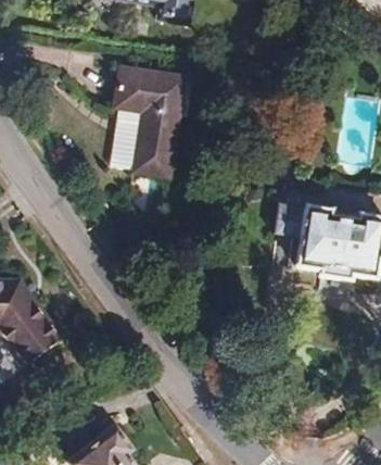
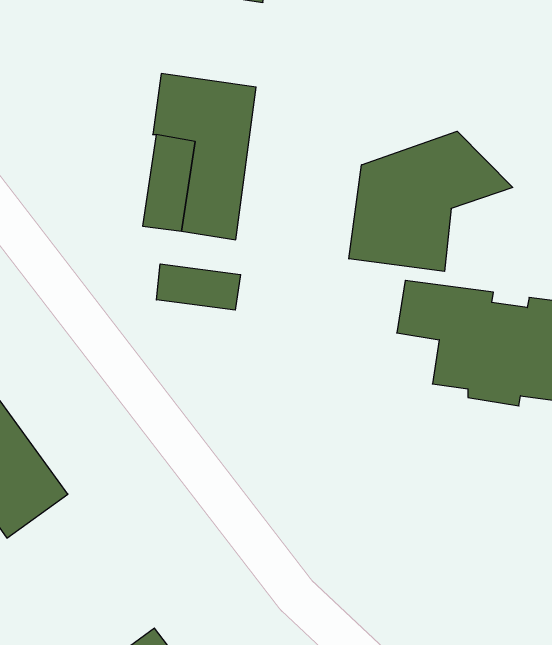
building: none -> [349,131,513,271]
building: none -> [156,264,241,310]

